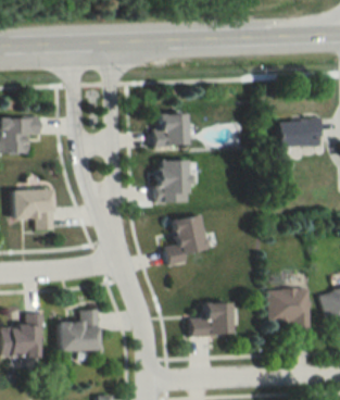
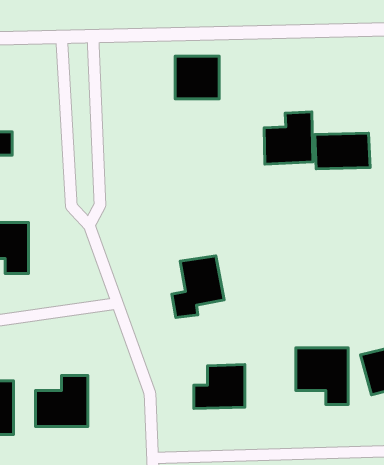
building: none -> [264,112,313,164]
building: [156,113,191,147] -> [175,56,219,99]
building: [159,160,192,201] -> none

